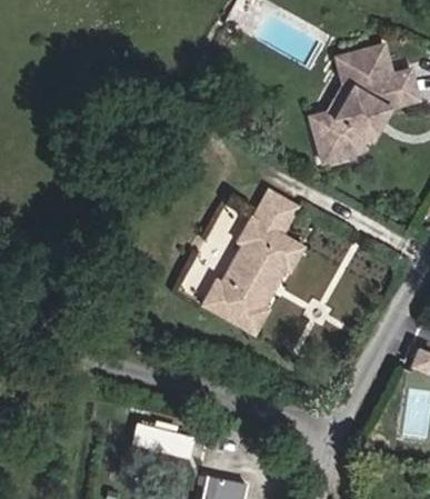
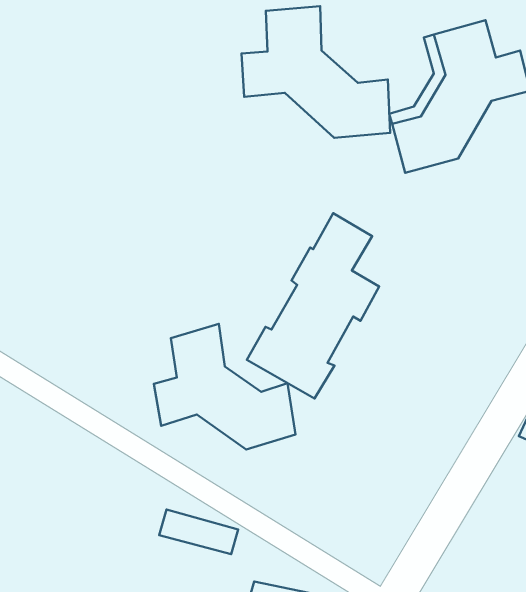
building: none -> [242,6,390,138]
building: none -> [154,324,296,449]

